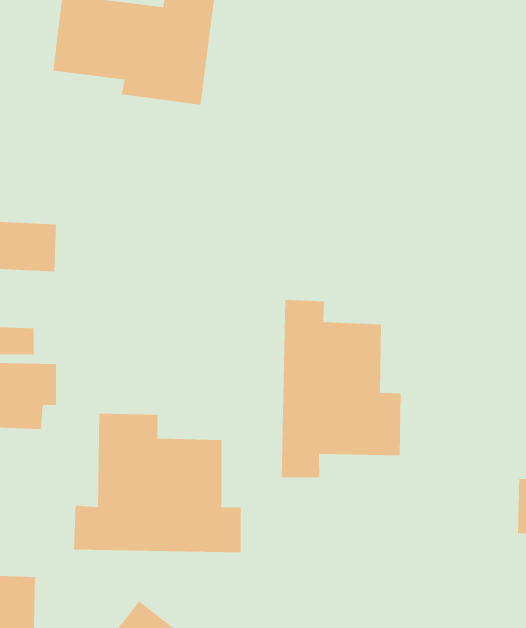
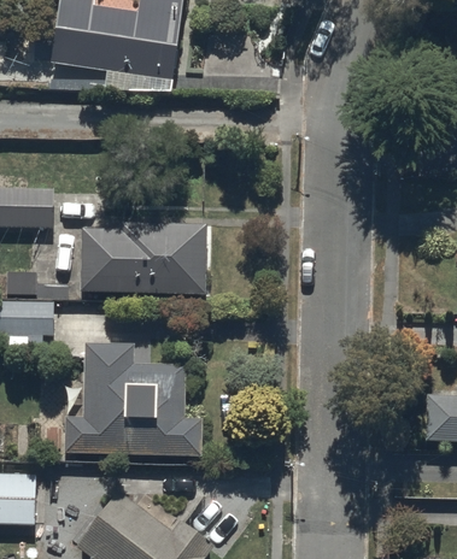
building: none -> [78,220,205,293]
building: [281,299,401,478] -> none

